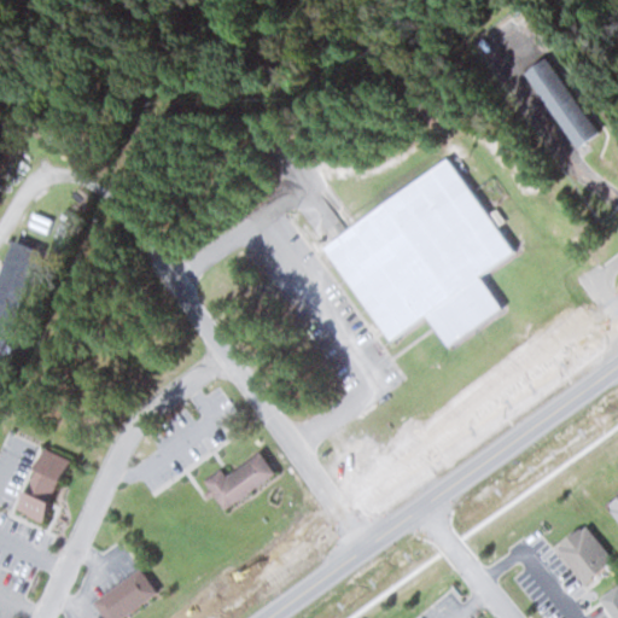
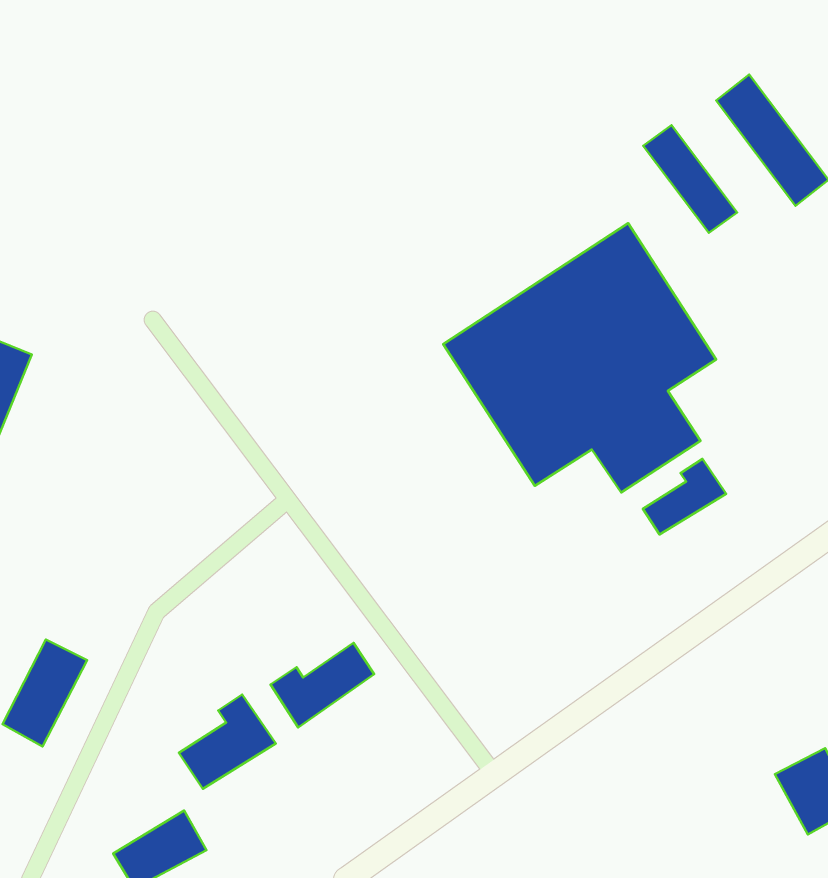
building: none -> [643,125,737,233]
building: none -> [643,459,726,535]
building: none -> [179,695,276,789]

